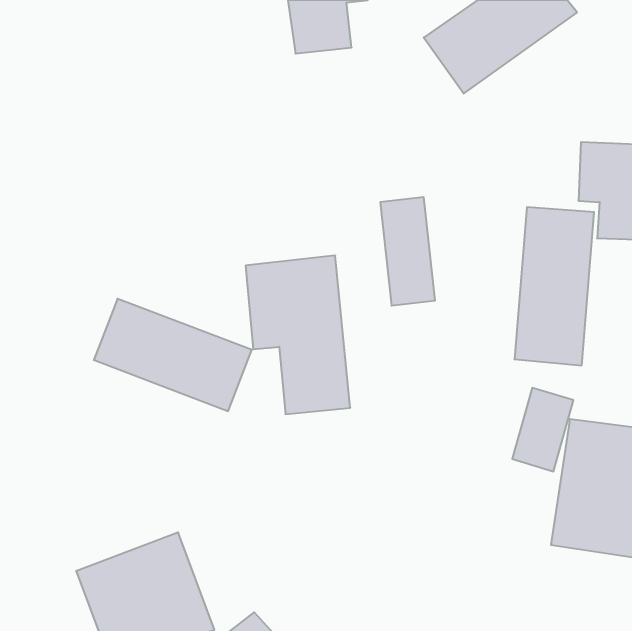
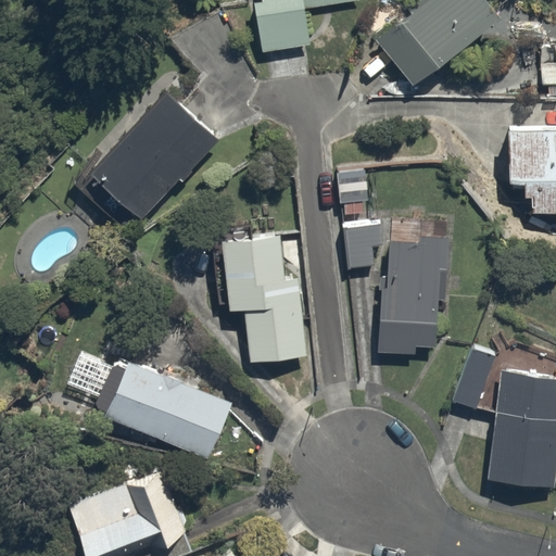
building: none -> [87,91,217,222]
building: [514,207,594,365] -> [380,219,450,357]
building: [94,299,252,411] -> [91,357,229,455]

